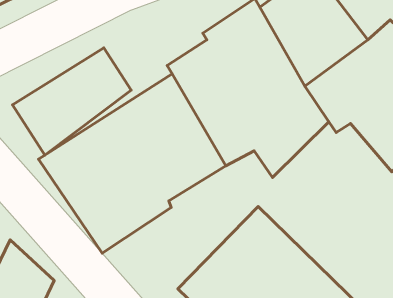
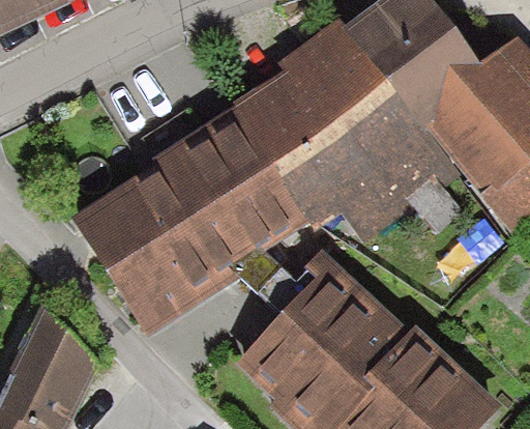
building: [13,48,131,155] -> none

